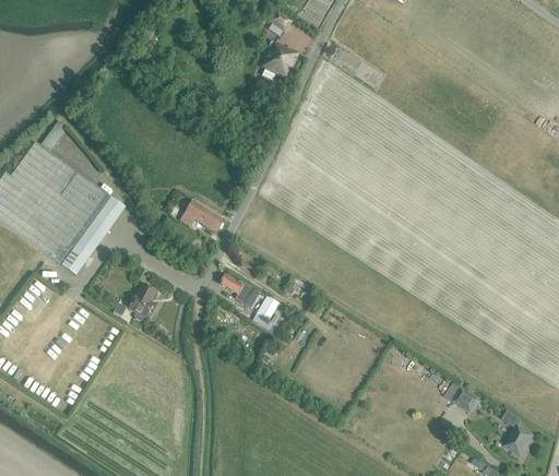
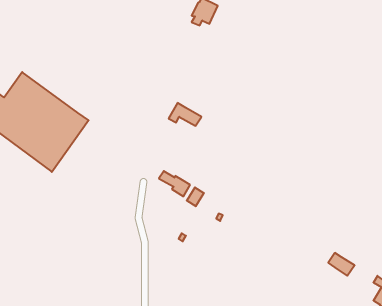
building: [179,200,223,230] -> [169,103,201,126]
building: [127,283,155,317] -> none

